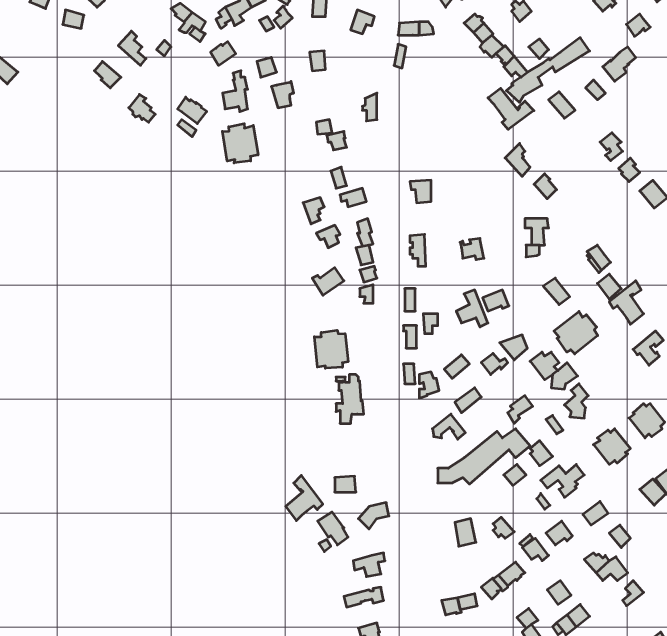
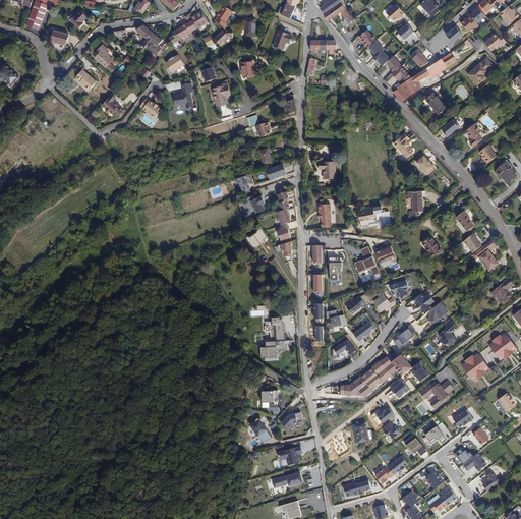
building: [488,88,534,129] -> none
building: [222,124,258,163] -> none
building: [554,311,598,354] -> none
building: [314,330,348,368] -> none
building: [286,475,323,521] -> none

